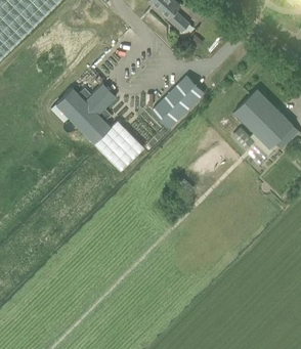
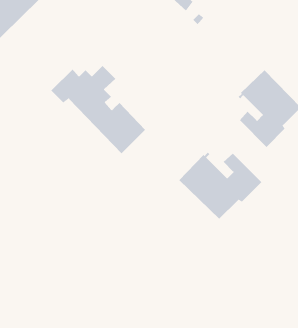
building: [152,75,204,127] -> none
building: none -> [179,152,262,220]

